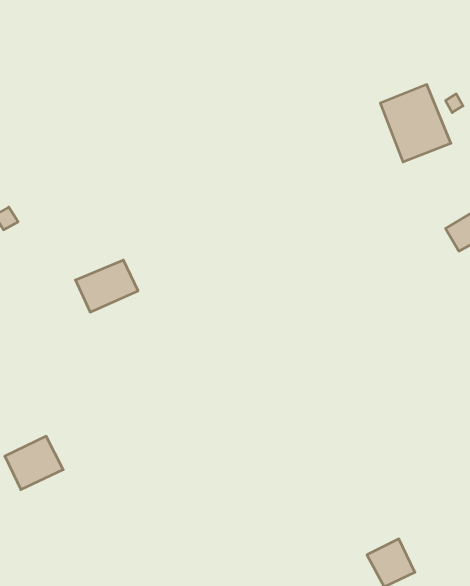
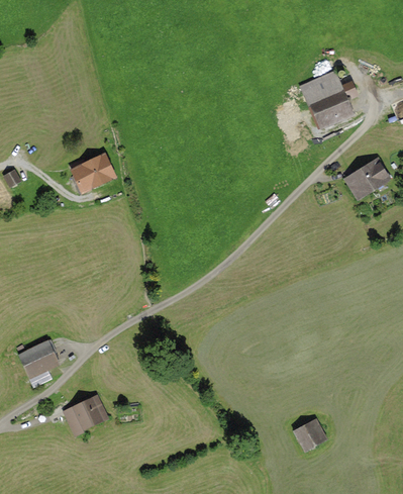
building: [75,260,138,312] -> [69,153,116,192]
building: none -> [62,394,107,436]

